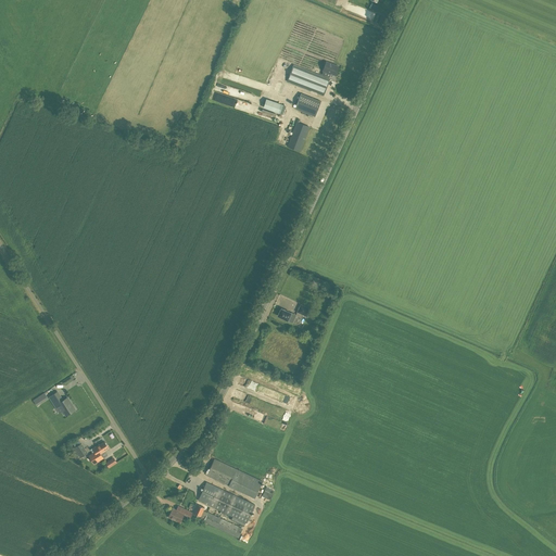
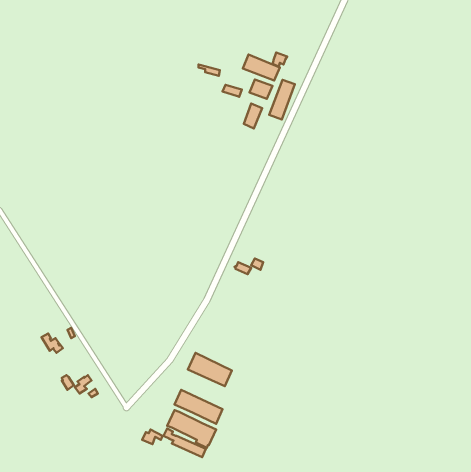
building: none -> [269,80,295,120]
building: none -> [188,353,232,386]

